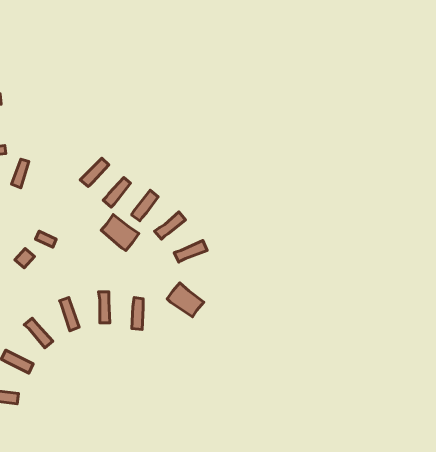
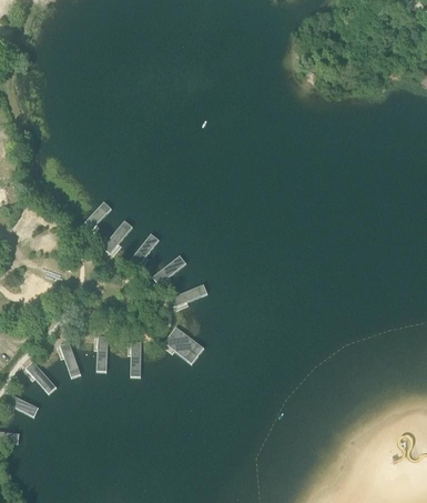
building: [101,215,139,250] -> none

